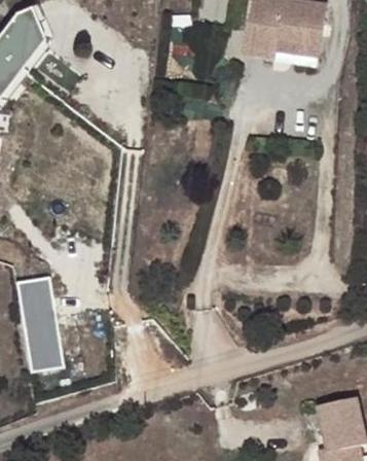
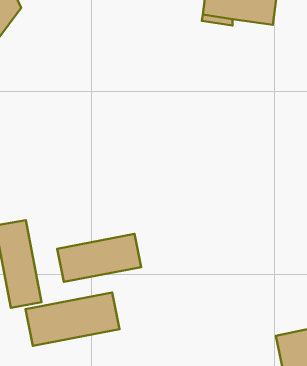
building: none -> [57,234,141,282]
building: none -> [26,293,120,346]

